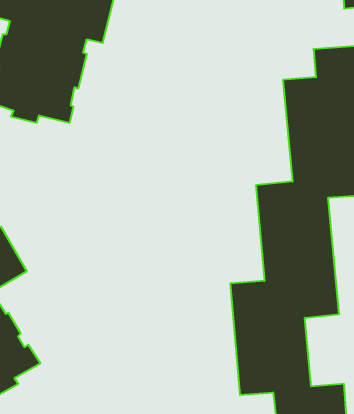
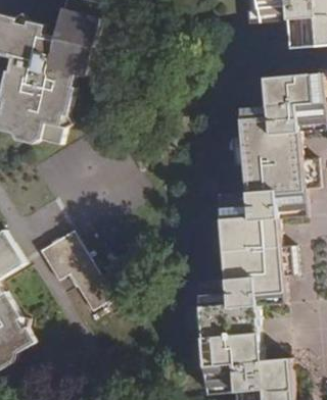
building: none -> [38,231,110,308]

